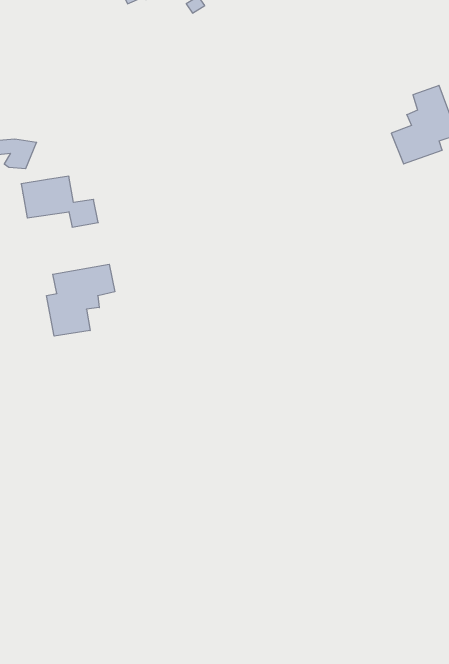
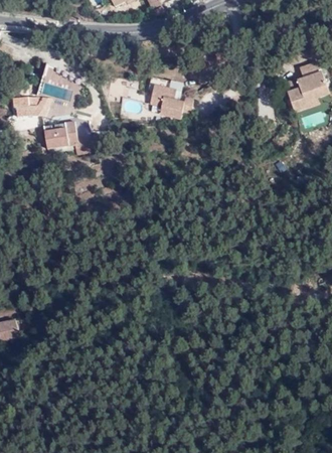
building: none -> [148,83,193,121]
building: [47,264,115,336] -> none

